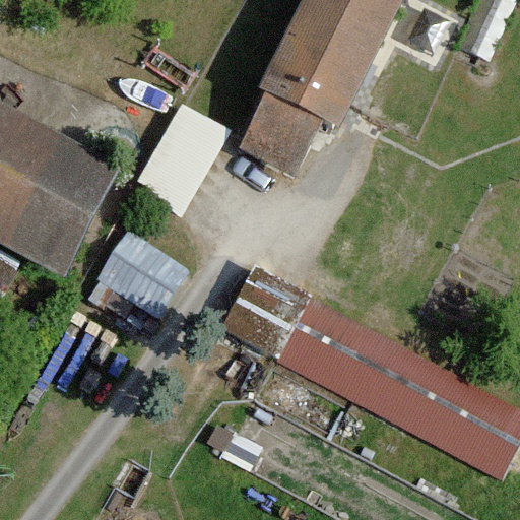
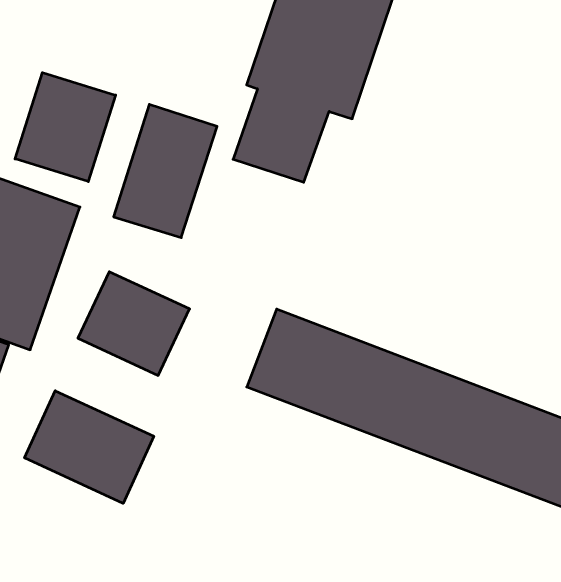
building: none -> [15,73,116,182]
building: none -> [25,391,154,503]

